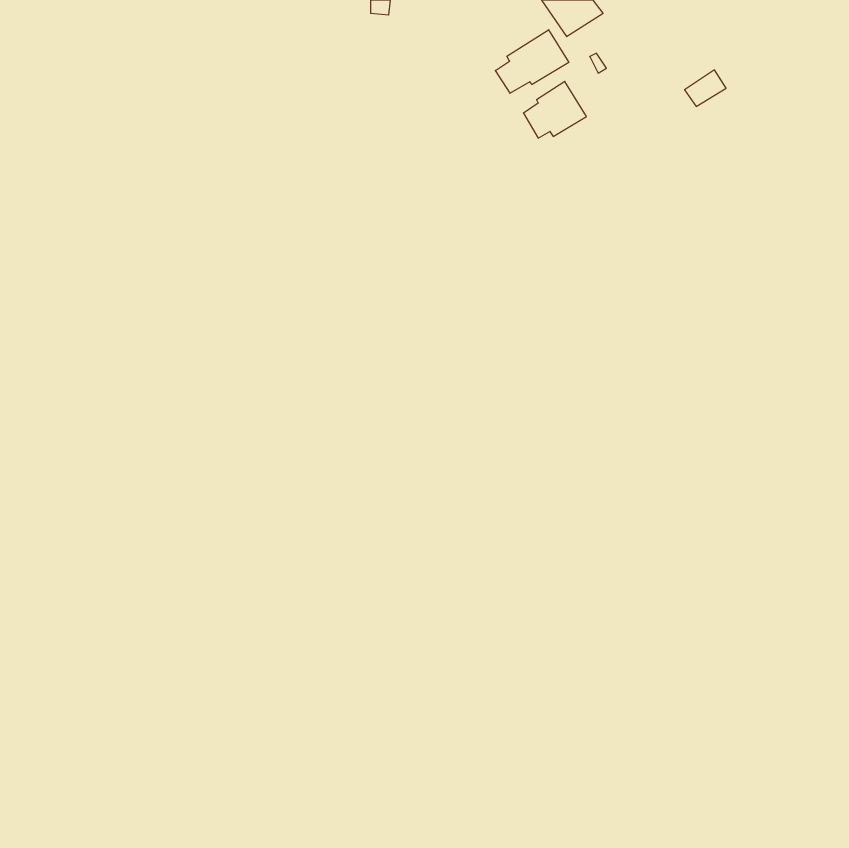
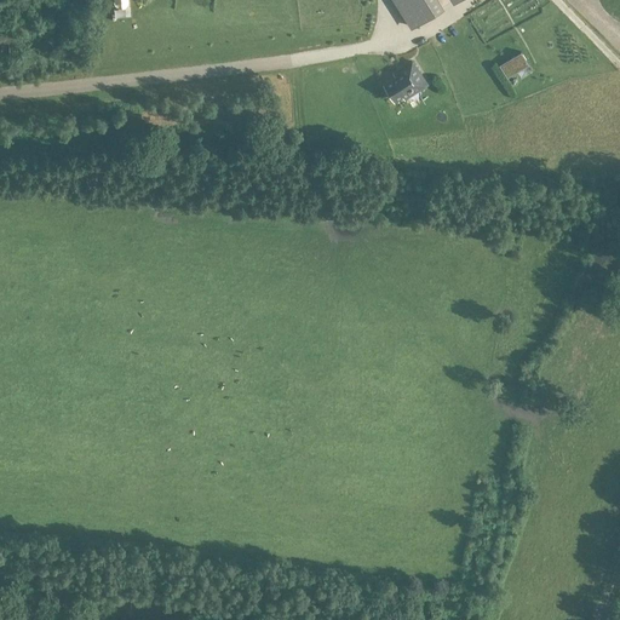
building: [495,30,569,93] -> none

